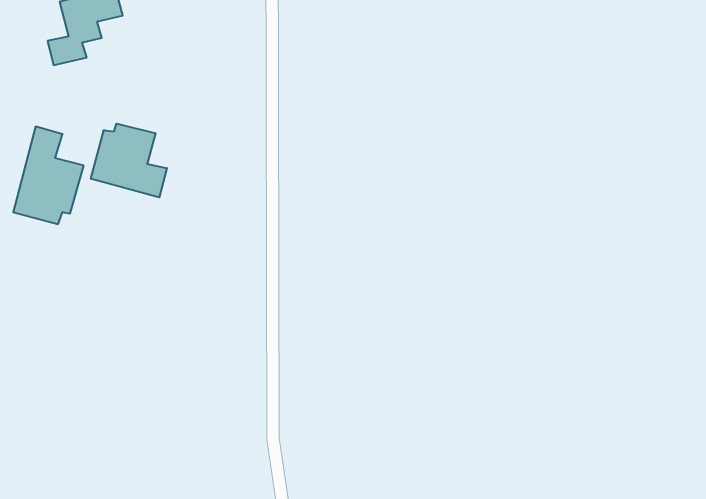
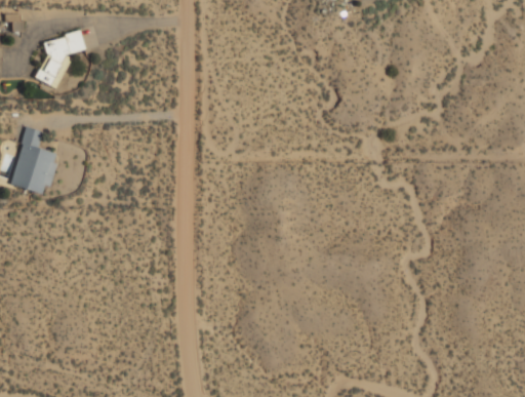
building: [91,124,167,197] -> none

